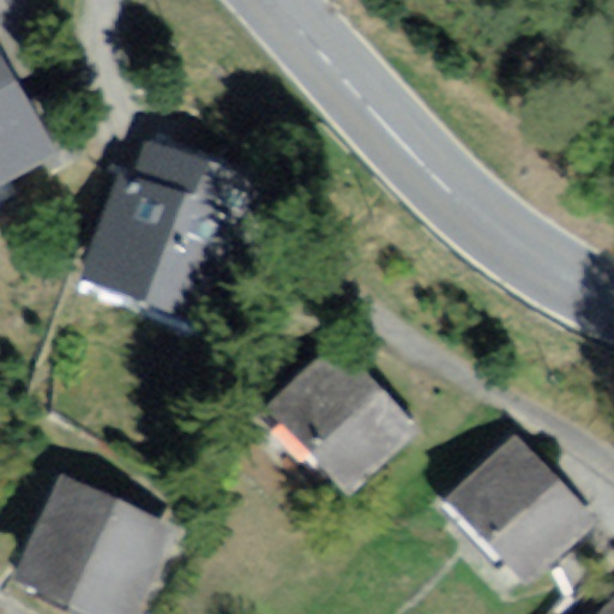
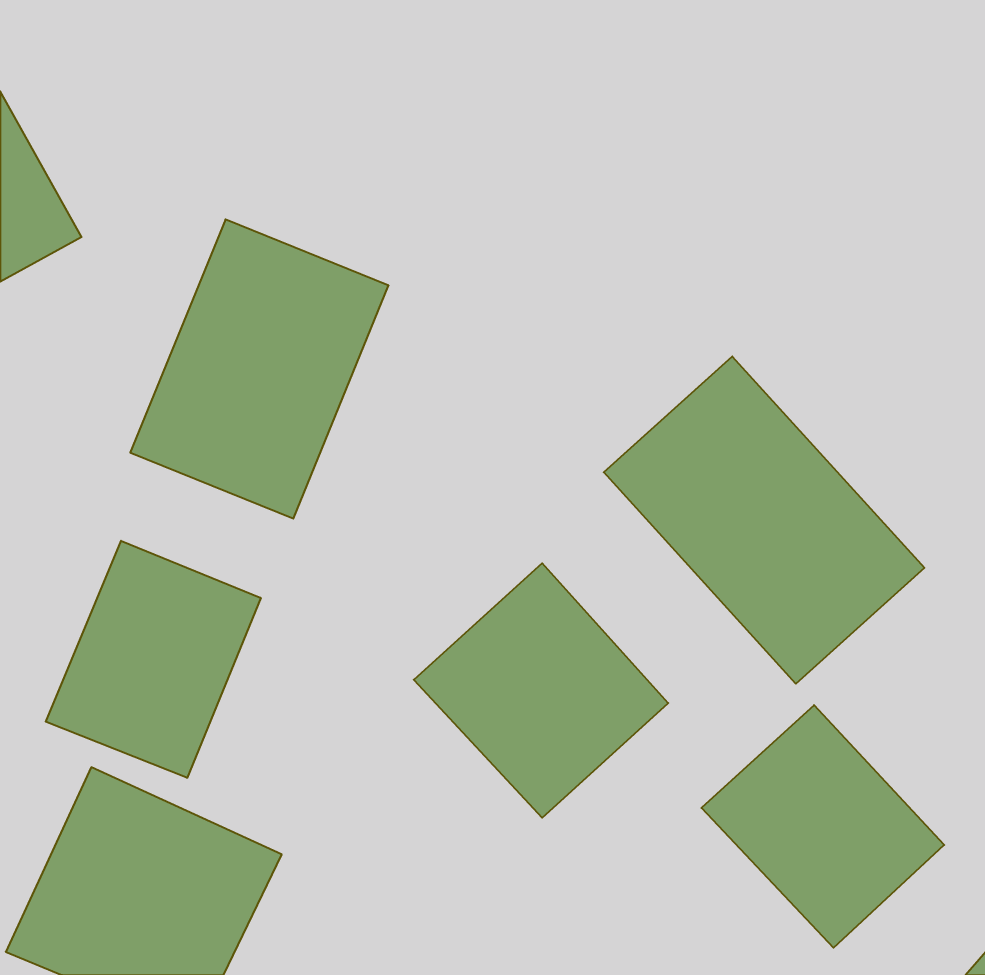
building: none -> [604,356,924,684]
building: none -> [46,541,261,778]

